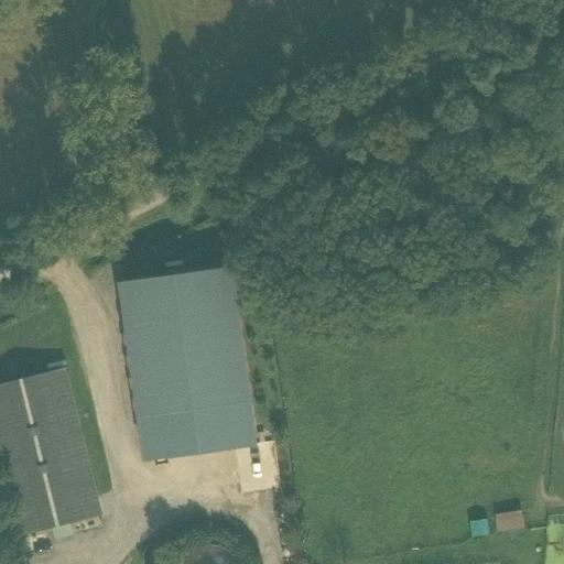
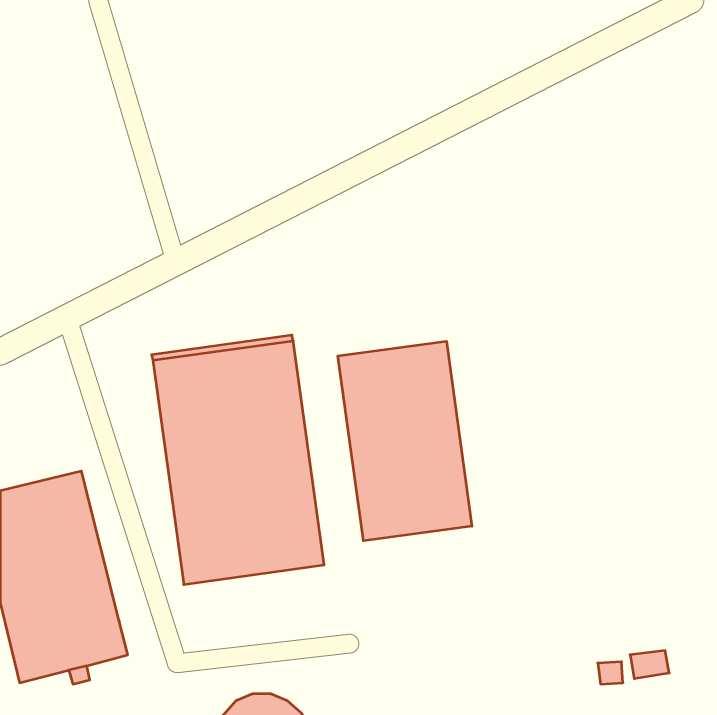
building: none -> [338,341,472,541]

